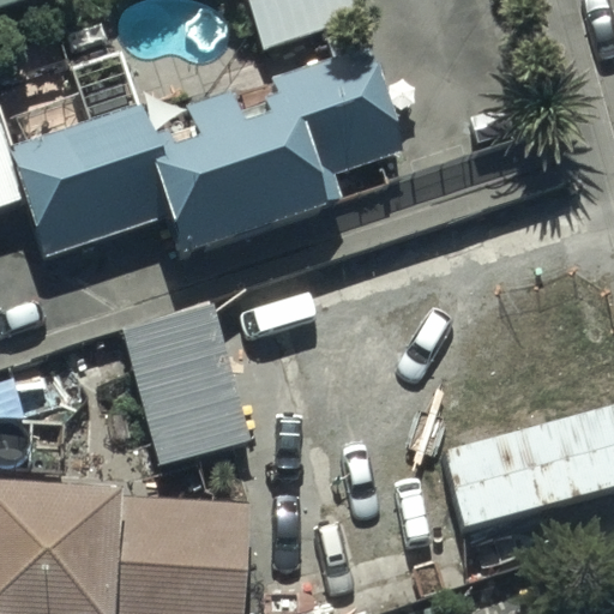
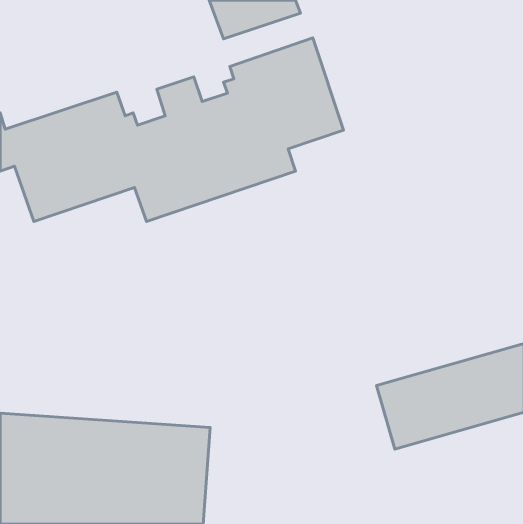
building: [122,306,253,468] -> none

